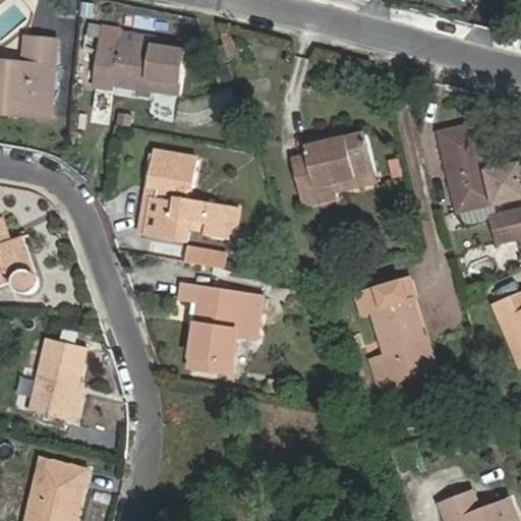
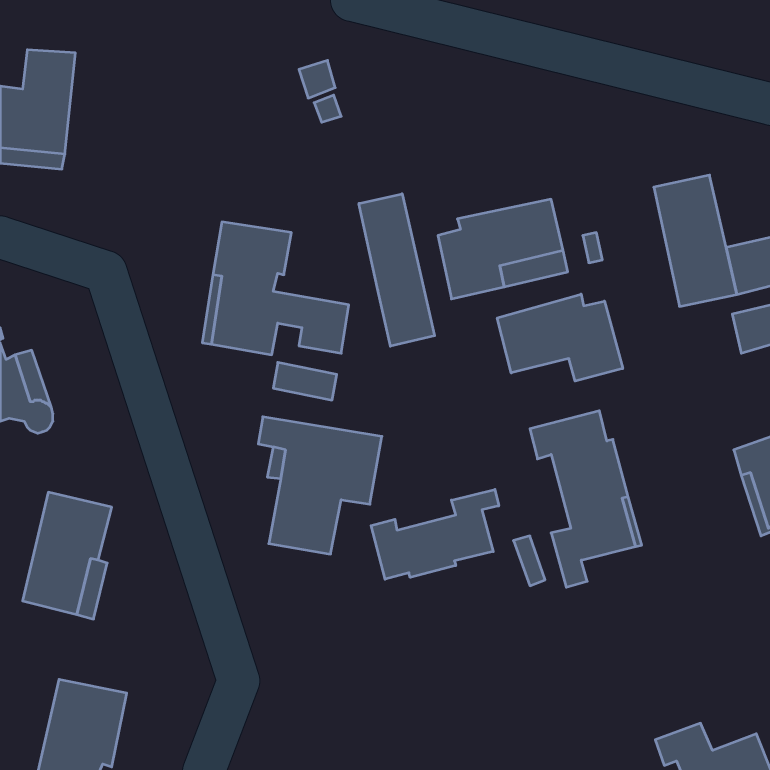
building: [93,36,182,90] -> none
building: none -> [359,194,435,346]
building: none -> [497,294,623,381]
building: none -> [371,489,499,579]

